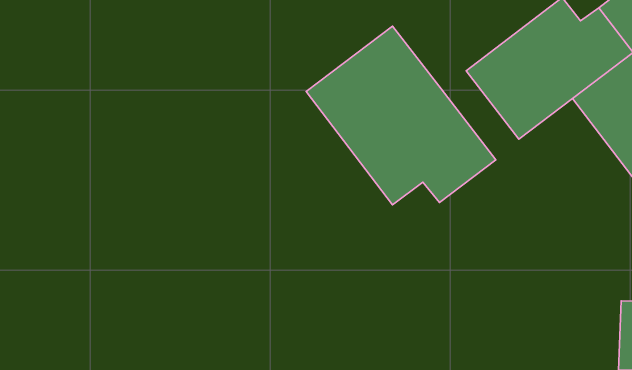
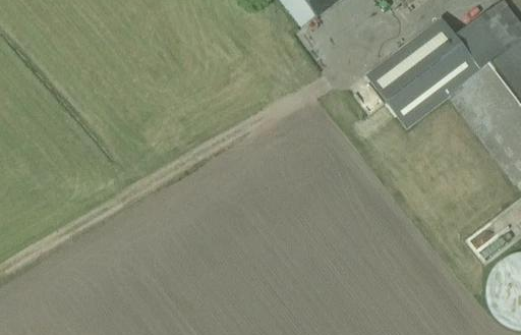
building: [306,26,496,205] -> none

